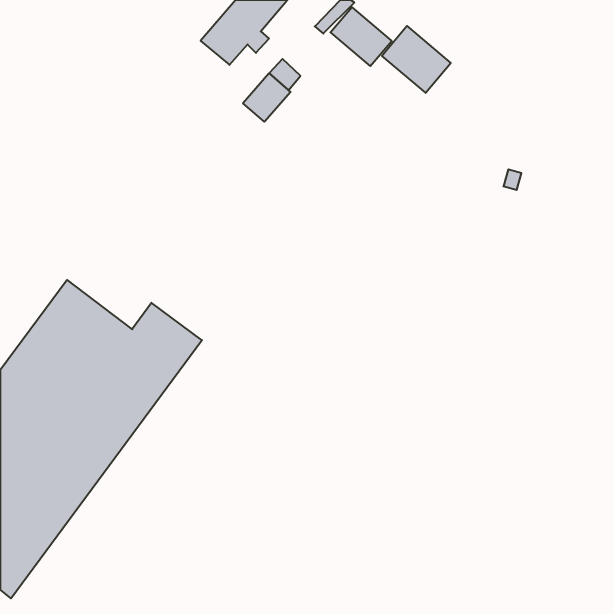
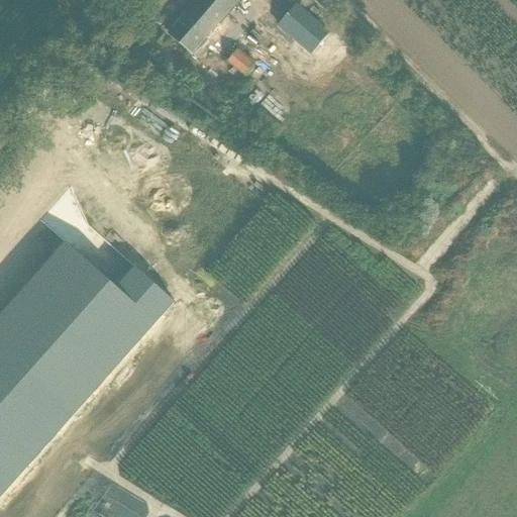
building: [382,26,451,93] -> none
building: [243,73,291,122] -> none

